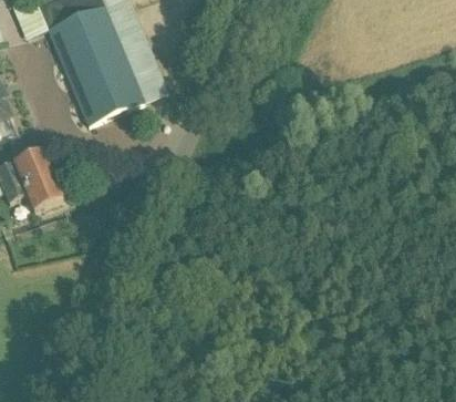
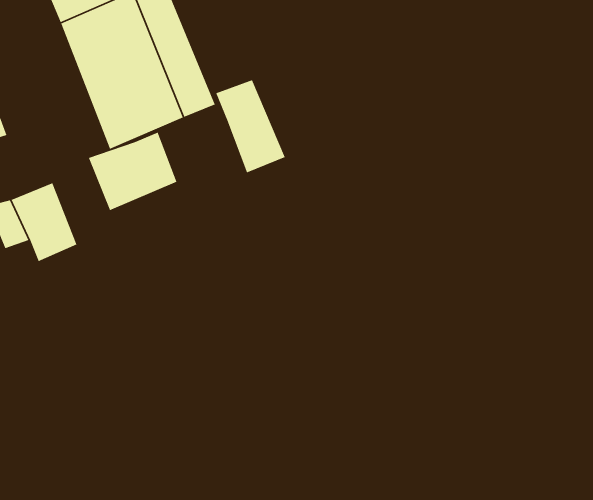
building: none -> [215,79,286,174]
building: none -> [88,131,177,211]

